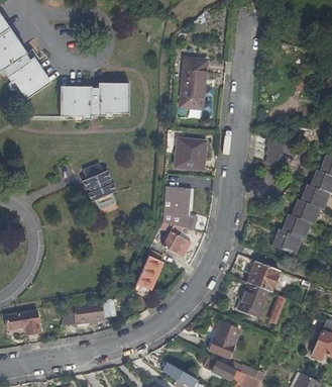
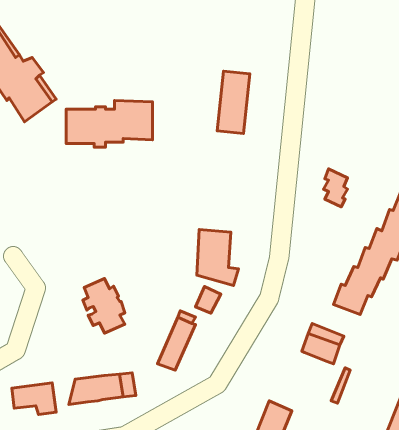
building: [176,139,206,169] -> none
building: [83,164,116,207] -> [83,279,125,333]
building: [239,284,267,317] -> none

